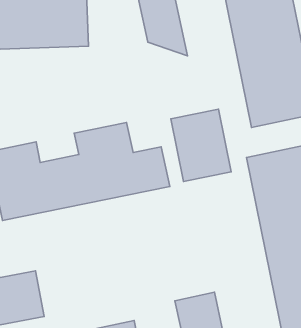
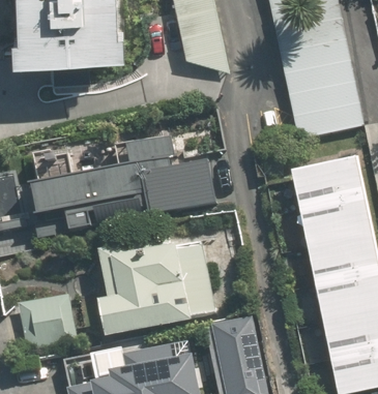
building: [171,109,231,181] -> none
building: none -> [99,238,214,334]

